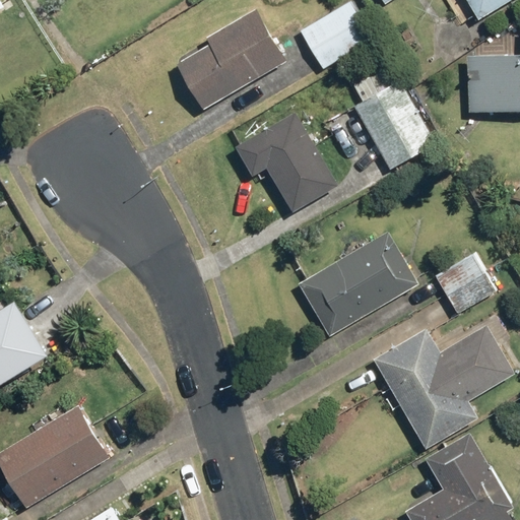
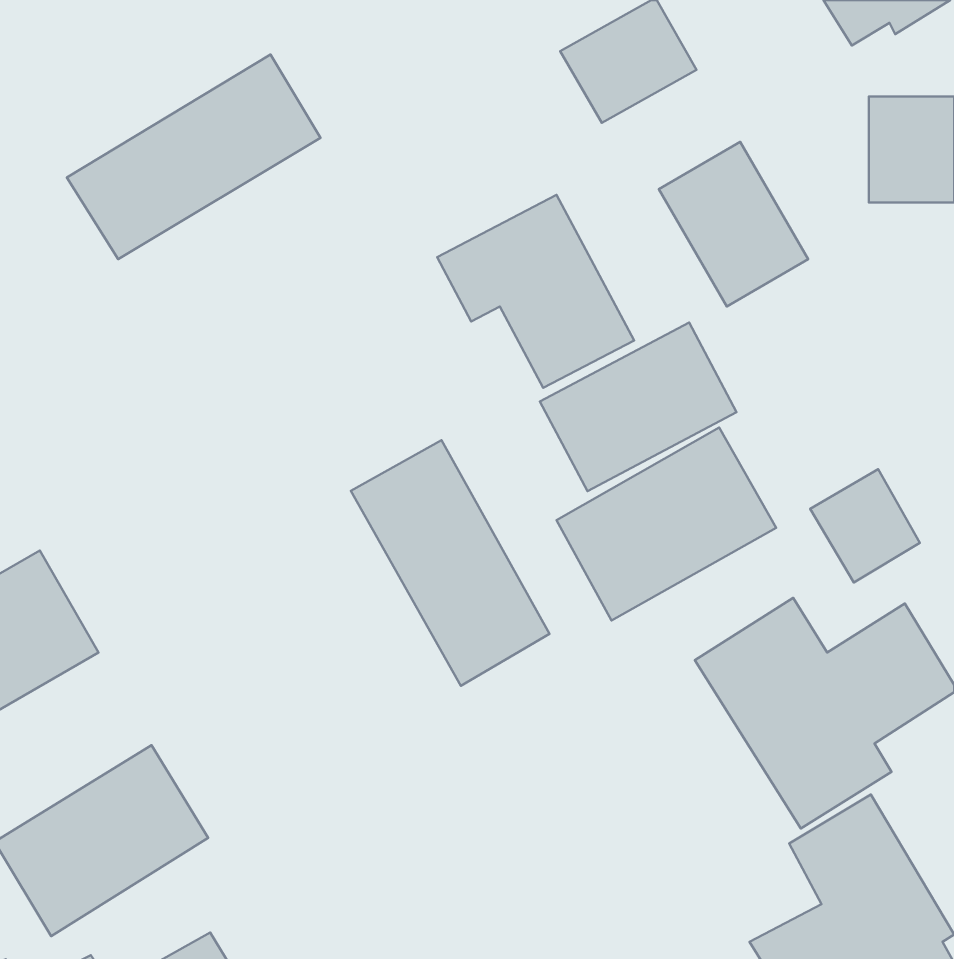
building: [177,8,286,109] -> none
building: none -> [67,54,321,259]
building: none -> [540,323,737,491]
building: none -> [351,440,550,686]

